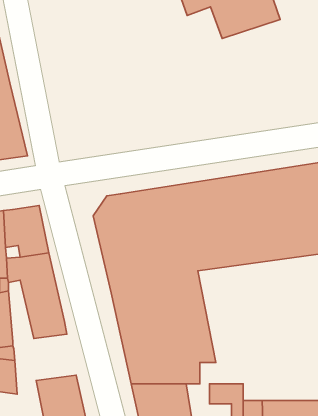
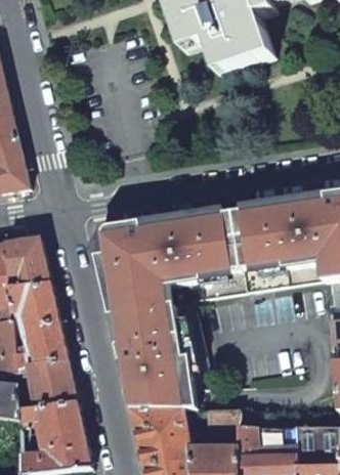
building: none -> [14,361,76,407]

